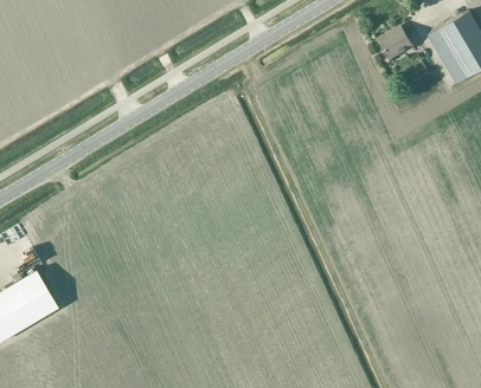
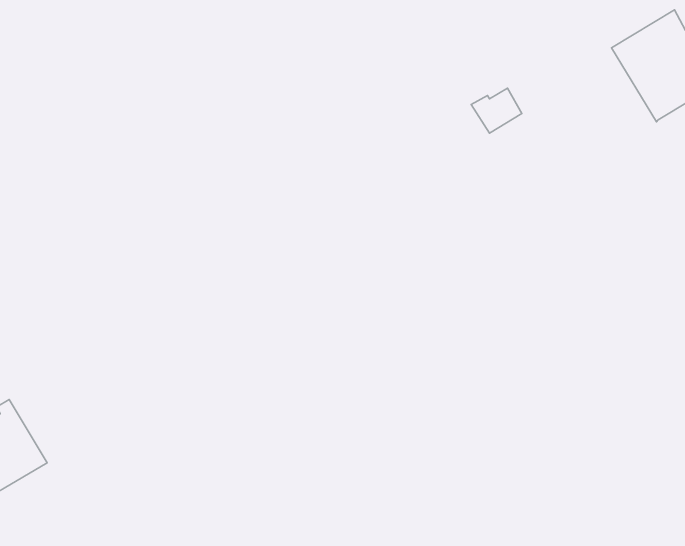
building: [379,28,412,58] -> [471,88,522,133]

